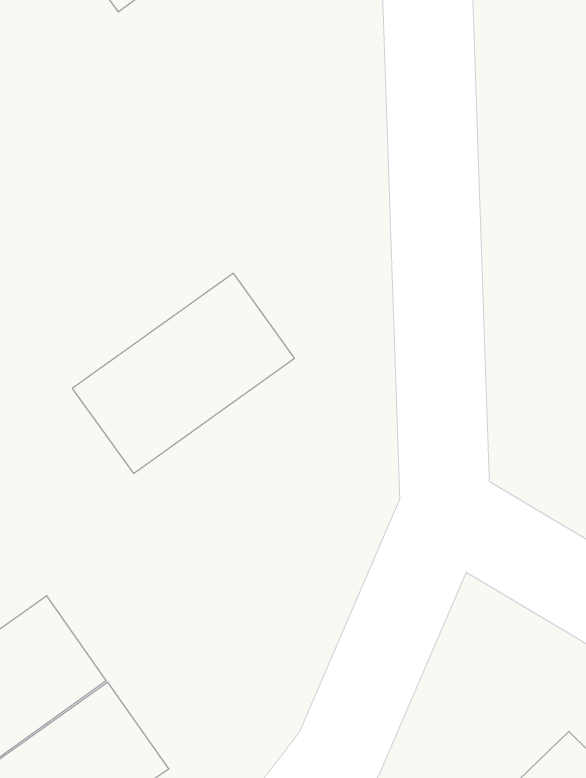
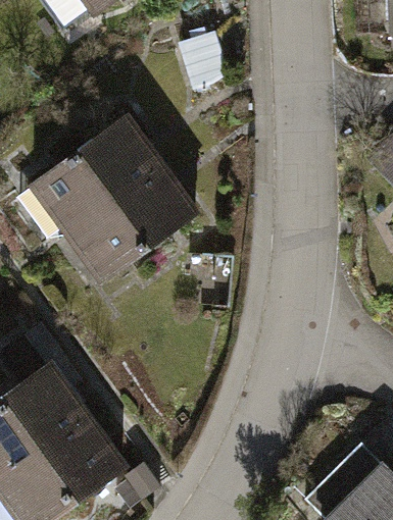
building: none -> [28,118,161,239]

